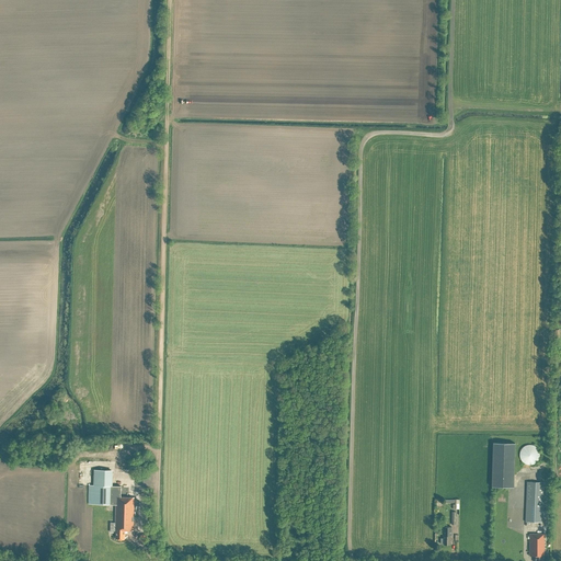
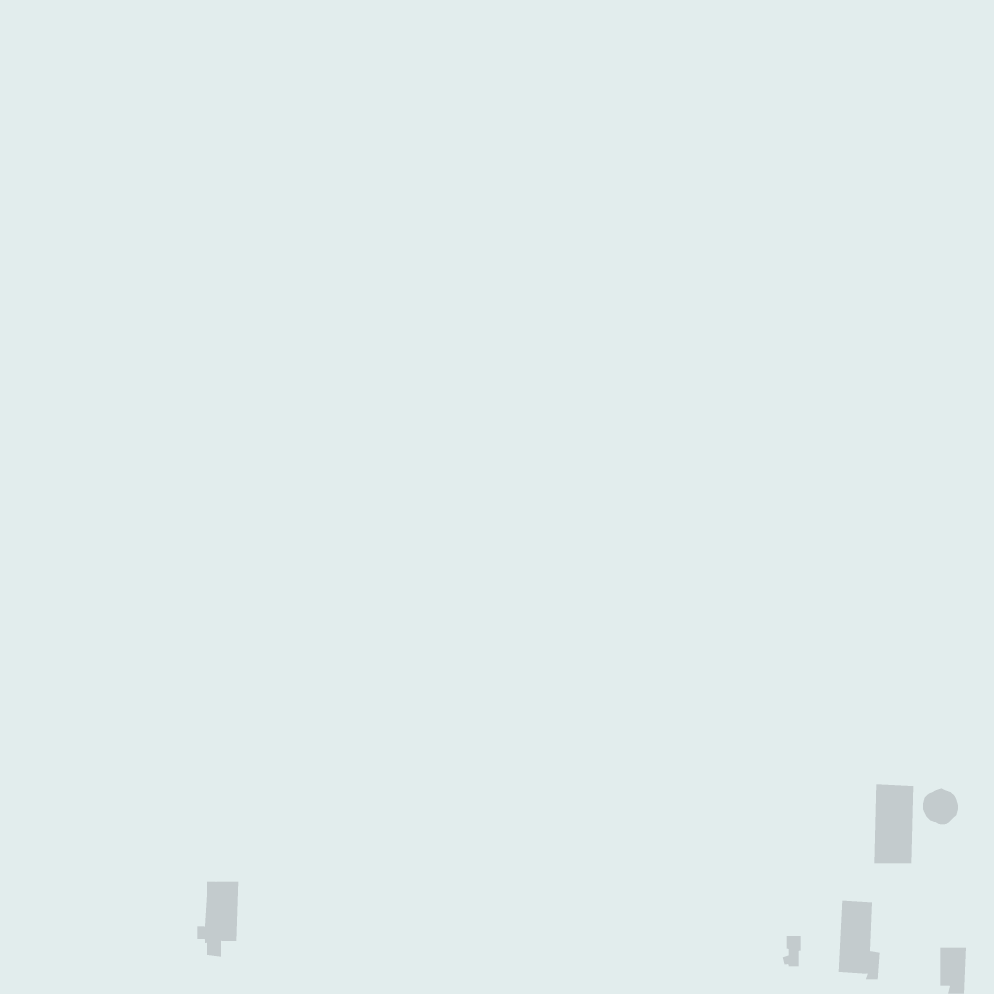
building: [525,481,549,526] -> [838,900,881,980]
building: [89,484,122,504] -> none

